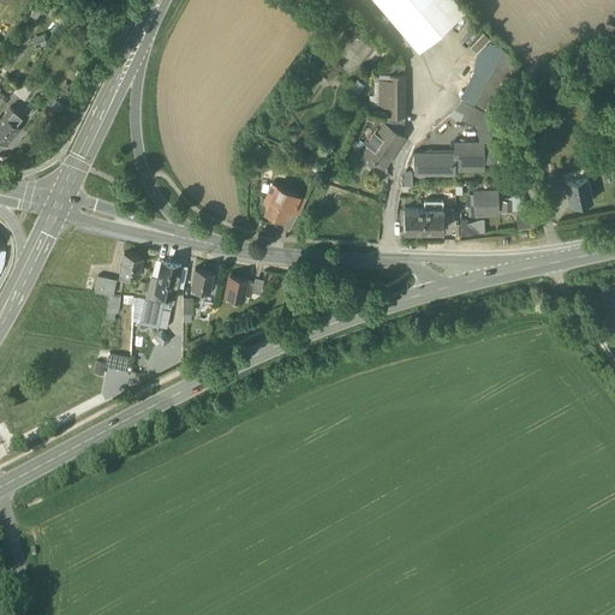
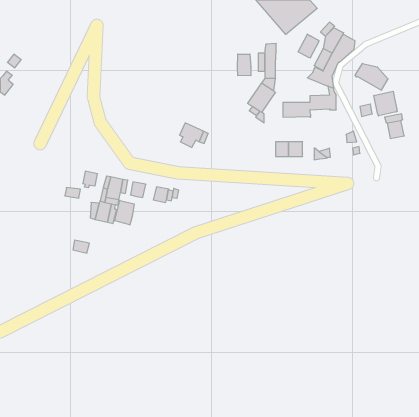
building: none -> [298,34,319,58]
building: none -> [238,54,251,76]
building: none -> [355,63,388,90]
building: none -> [374,91,397,116]
building: [471,192,497,216] -> none
building: none -> [115,200,134,225]

